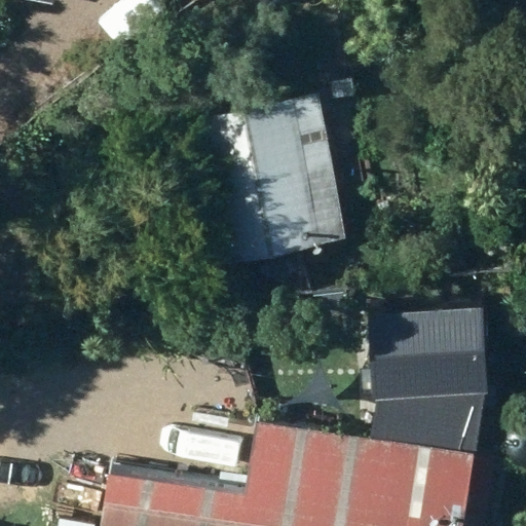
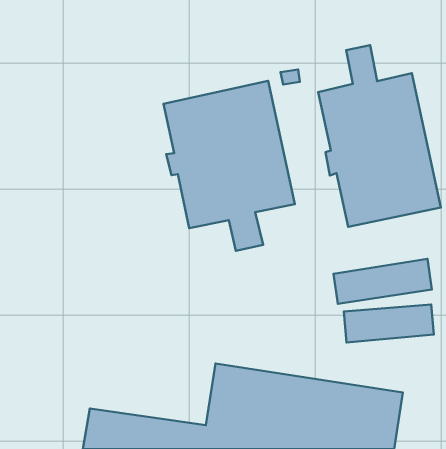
building: none -> [318,45,441,227]

